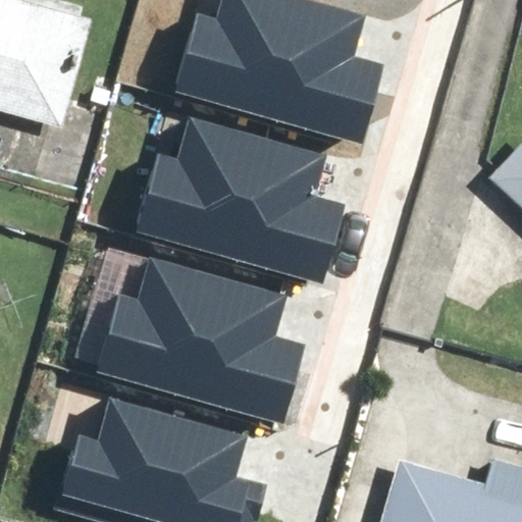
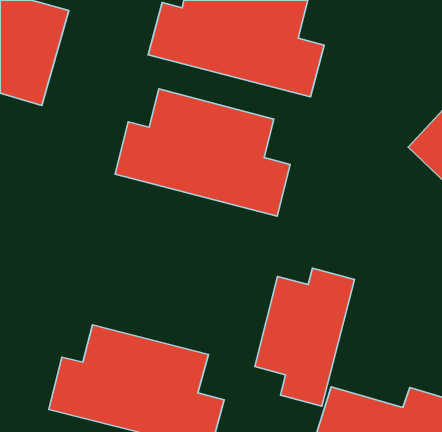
building: [94,269,300,417] -> none
building: none -> [255,268,354,406]

